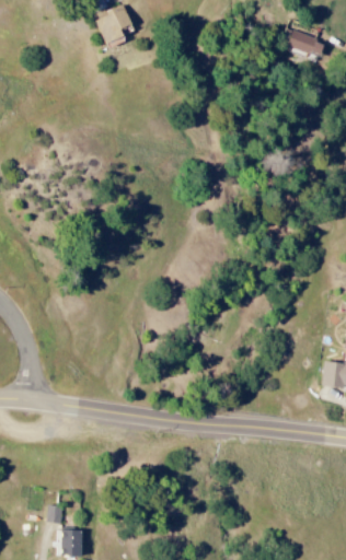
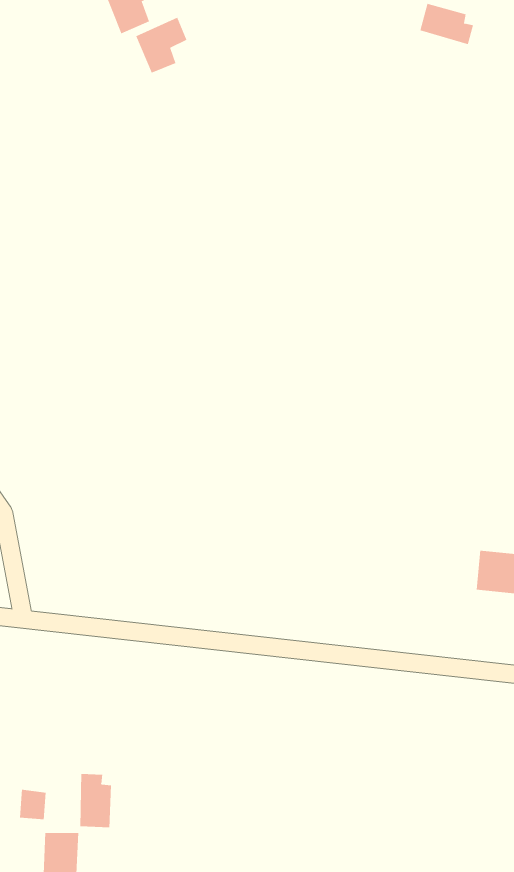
building: none -> [135,17,187,74]
building: none -> [80,773,112,828]

